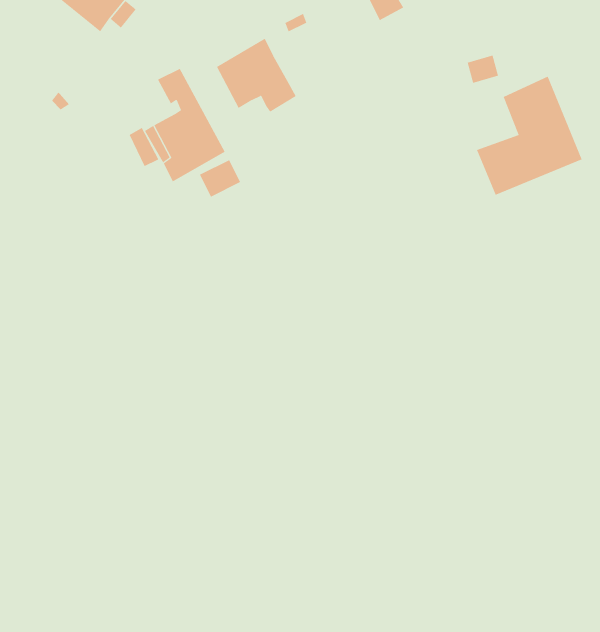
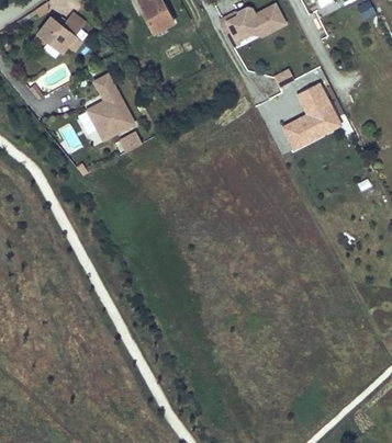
building: [216,38,297,112] -> none

